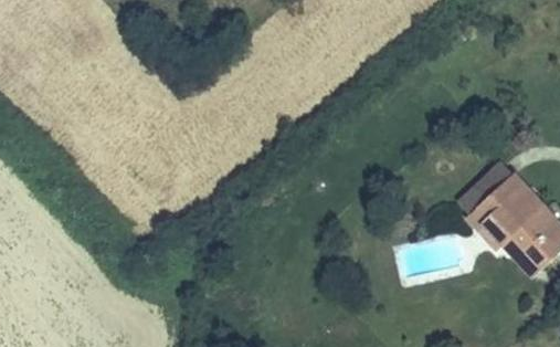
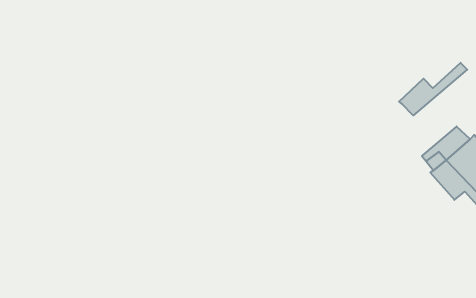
building: none -> [399,63,467,115]

